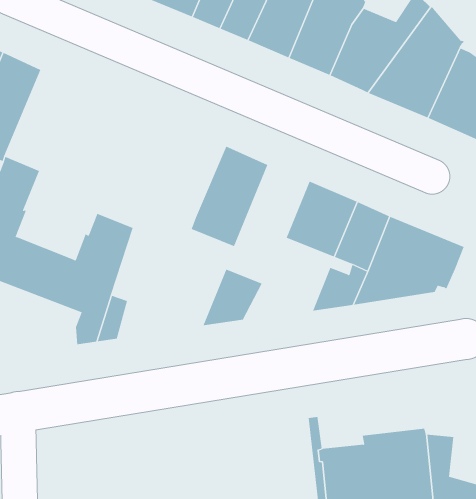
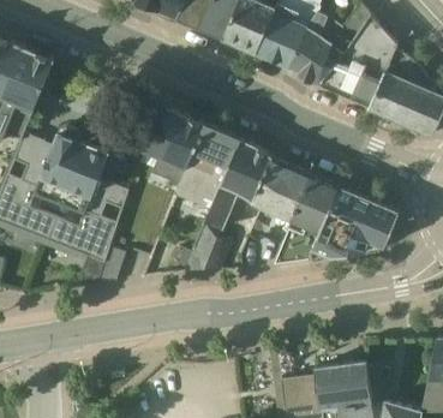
building: none -> [142,107,204,185]
building: none -> [32,132,109,220]
building: none -> [205,142,273,232]

